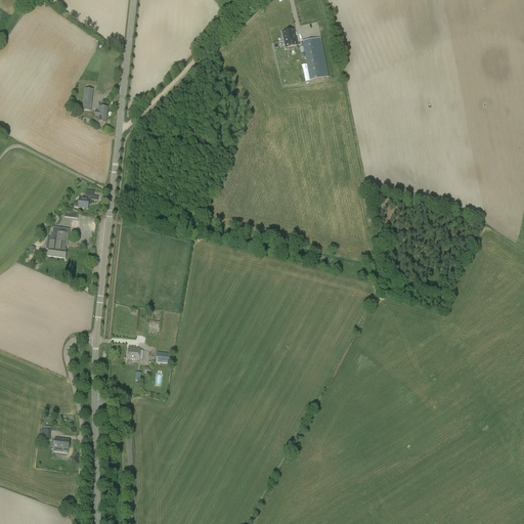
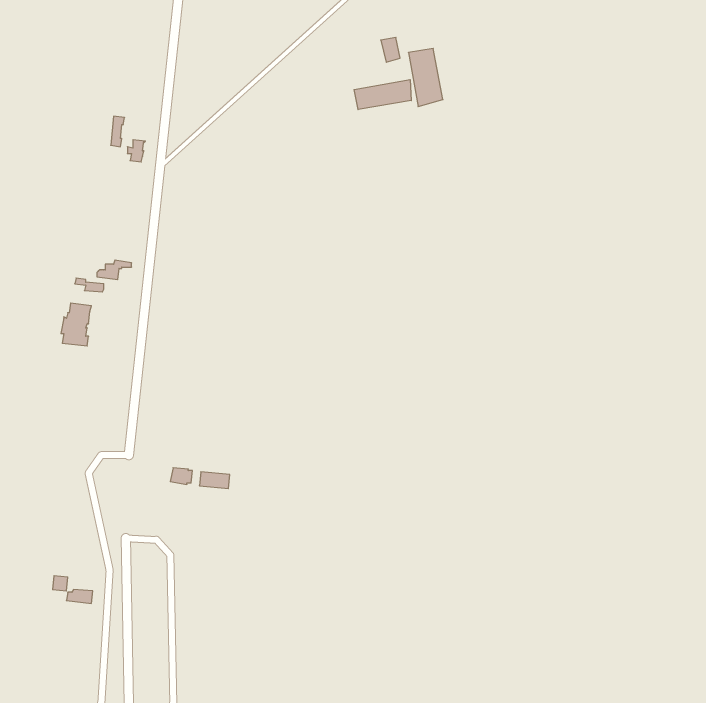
building: none -> [354,80,411,110]

